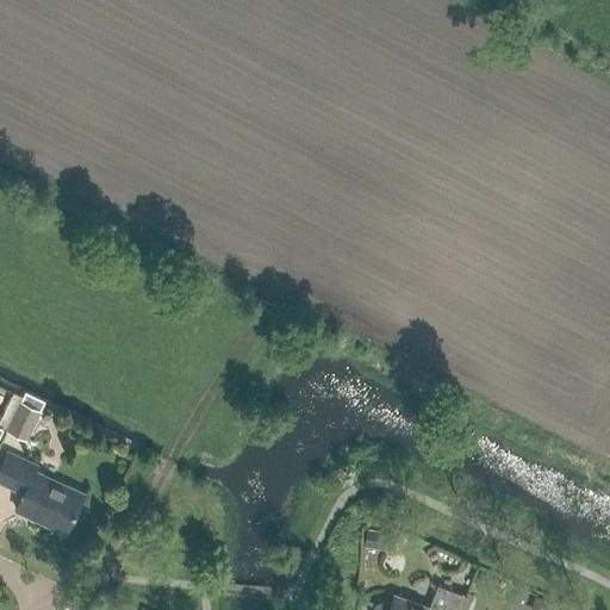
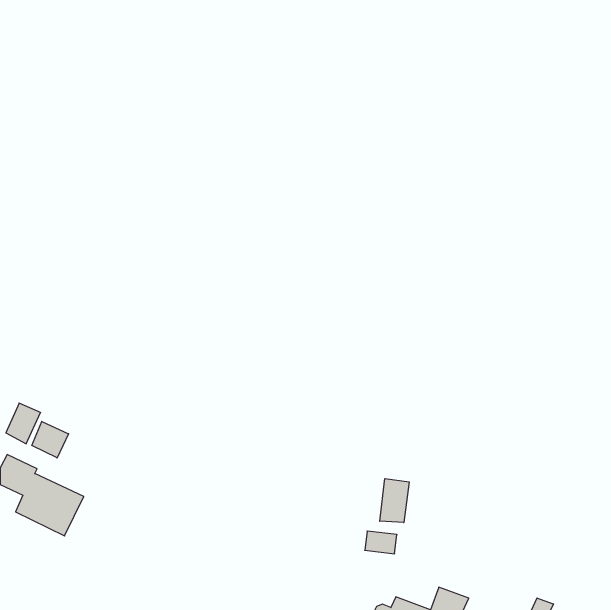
building: none -> [32,421,69,458]
building: none -> [380,479,409,523]

